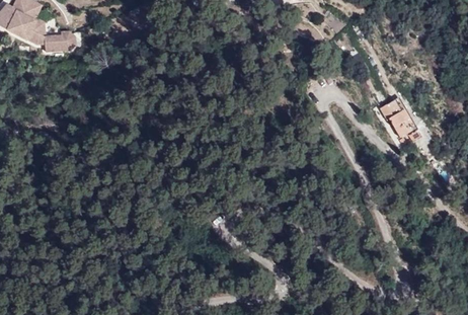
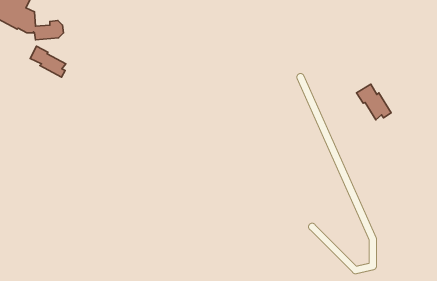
building: none -> [30,46,66,77]

